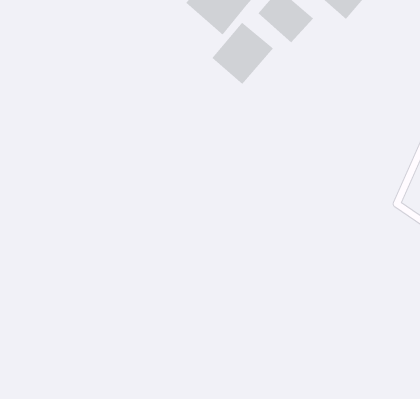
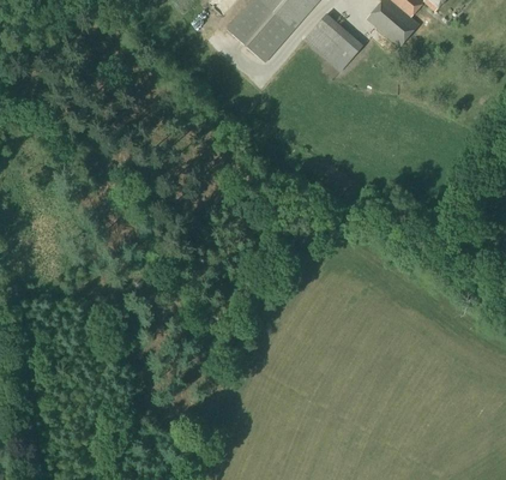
building: [212,22,274,85] -> none

